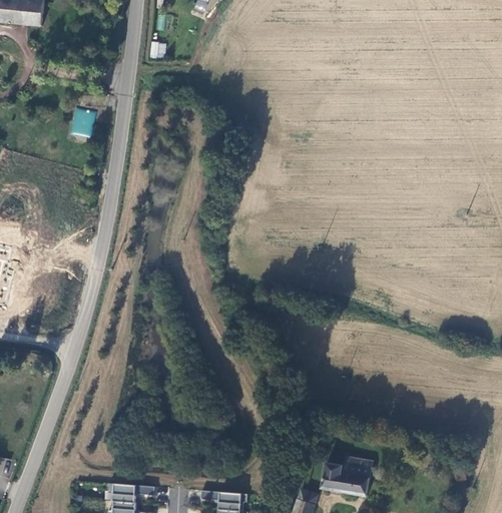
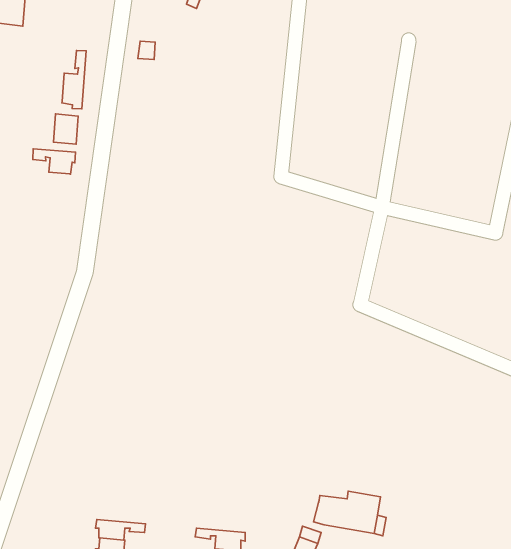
building: none -> [62,51,86,109]
building: none -> [33,149,75,174]

